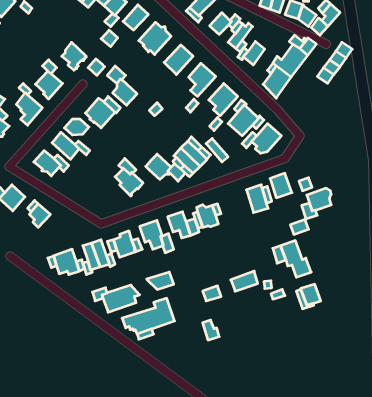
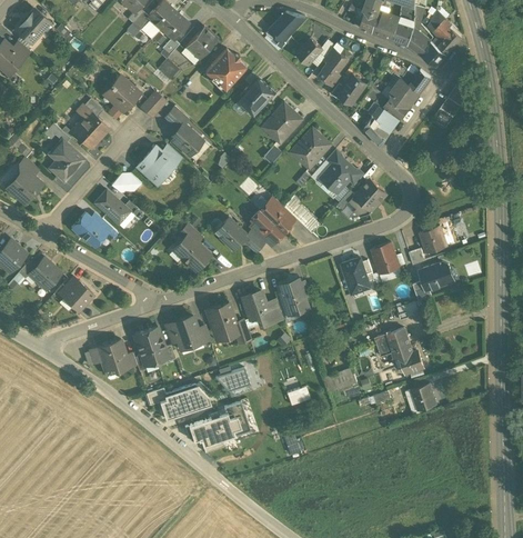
building: none -> [419,226,446,253]

